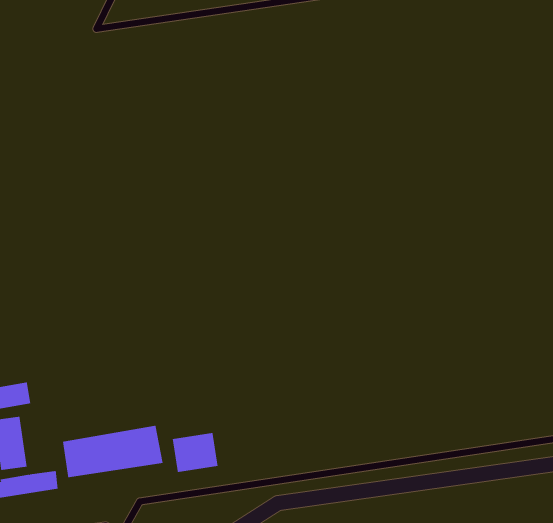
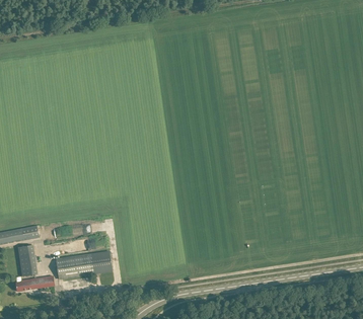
building: [172,432,218,473] -> none

